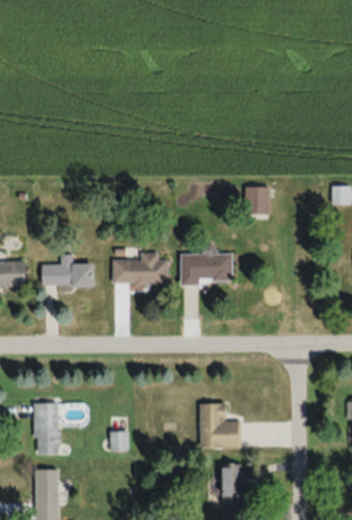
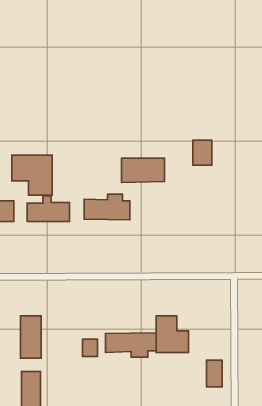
building: none -> [12,155,52,195]
building: [180,254,232,283] -> [121,158,164,182]
building: none -> [105,333,156,357]
building: [222,463,241,496] -> [207,360,222,387]

